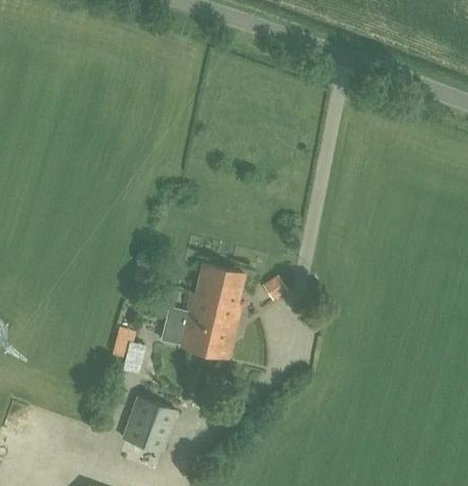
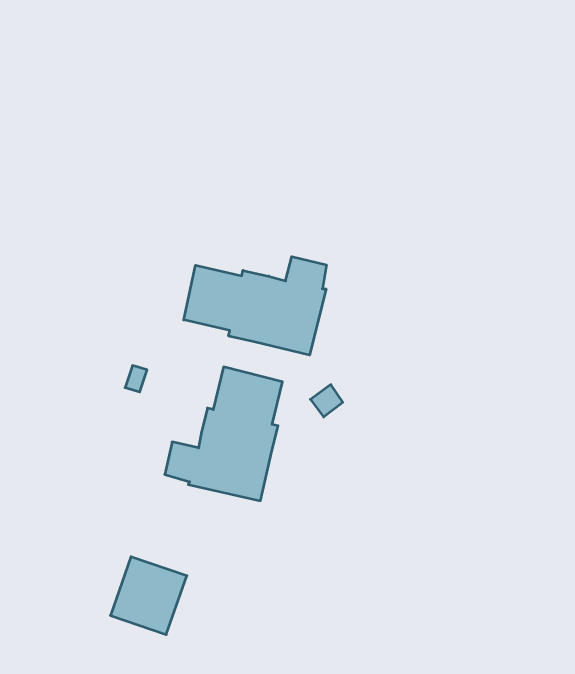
building: none -> [184,257,326,355]

